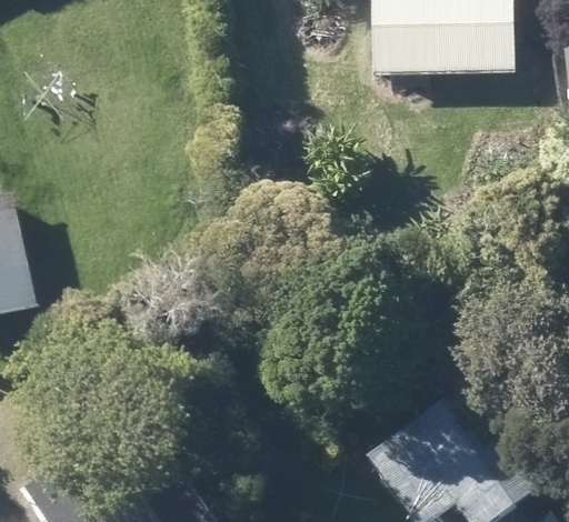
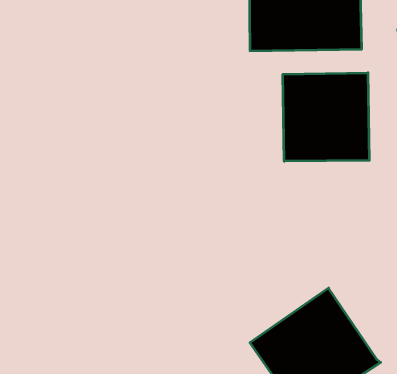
building: none -> [283,73,369,161]

